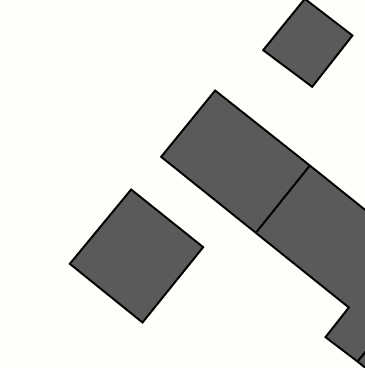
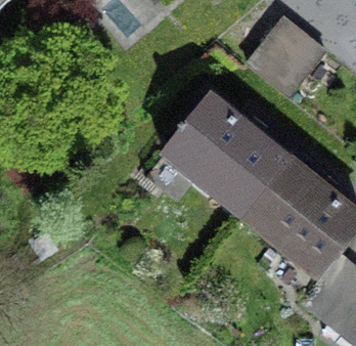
building: [70,190,203,322] -> none

